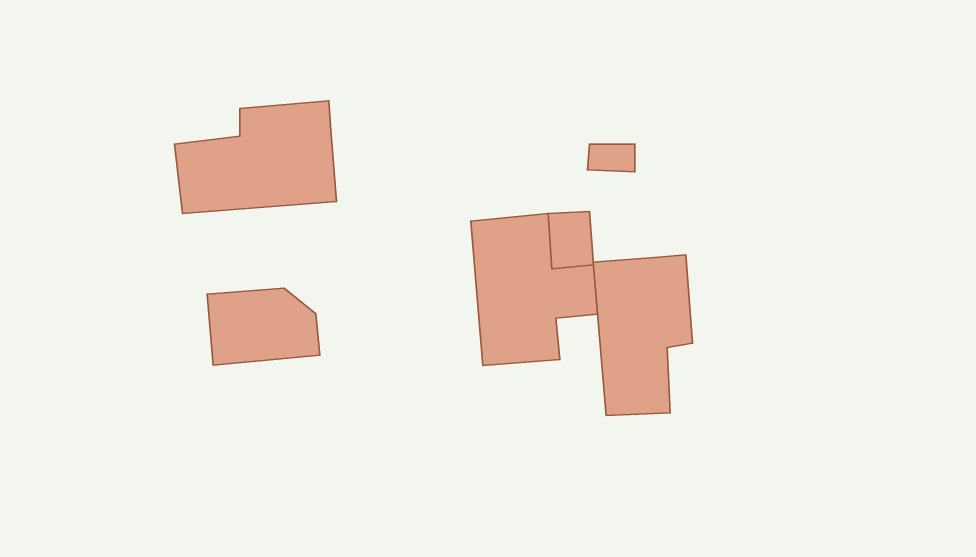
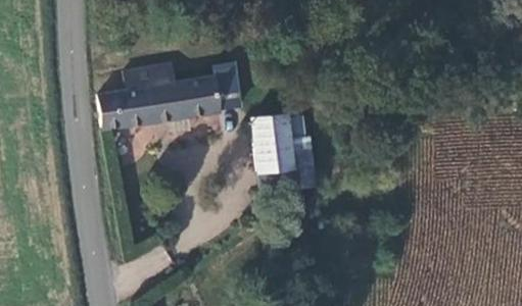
building: [593,255,692,416] -> none
building: [207,288,320,365] -> [182,75,240,115]

